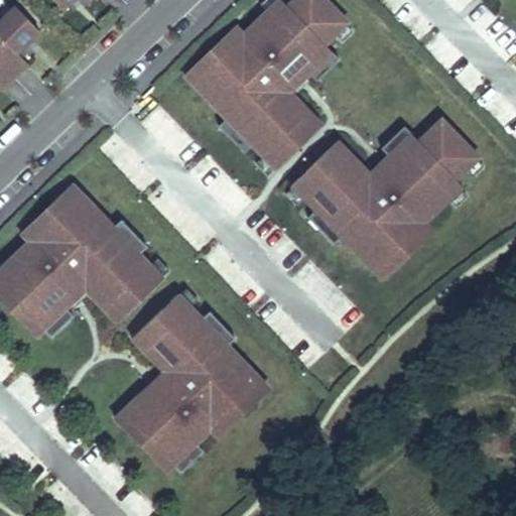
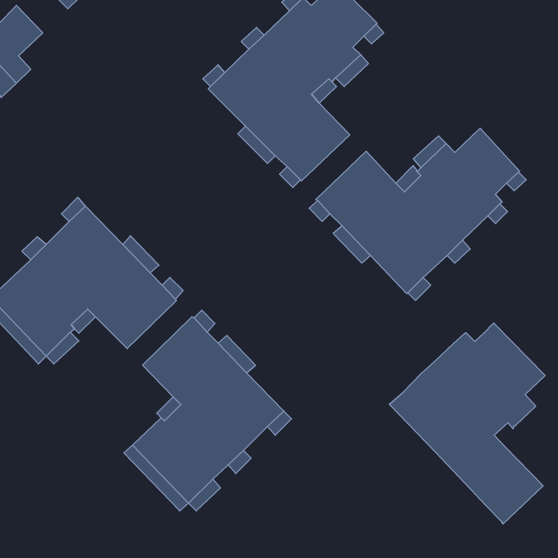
building: none -> [389,323,545,524]

